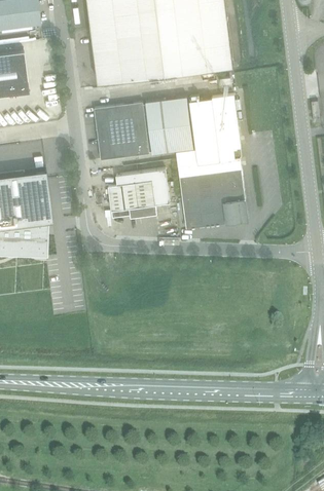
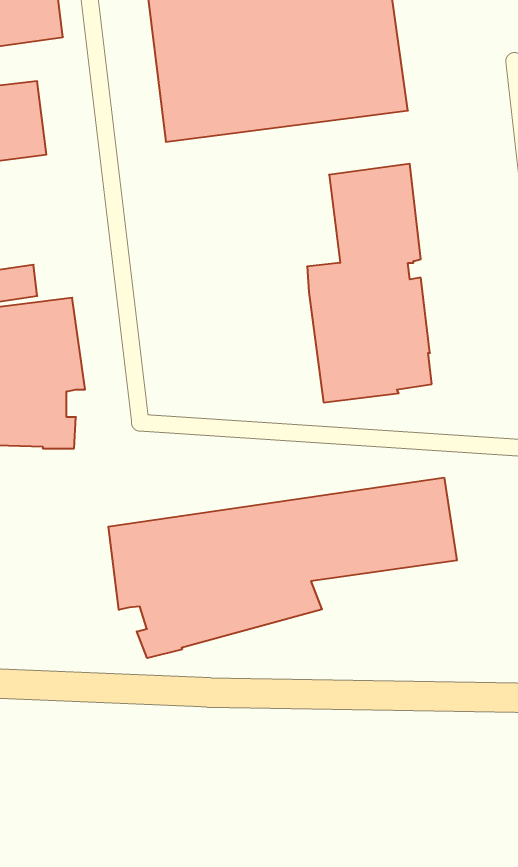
building: [95,99,193,162] -> none
building: [108,171,170,220] -> none
building: none -> [108,478,457,658]

